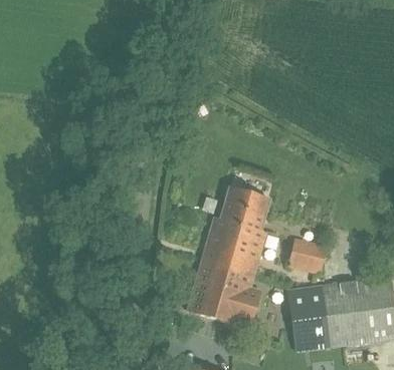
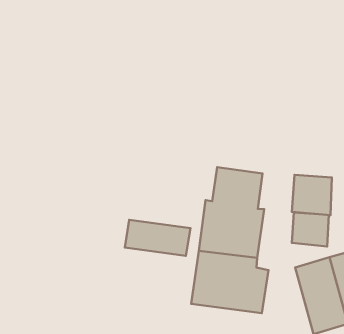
building: none -> [292,175,332,215]
building: none -> [125,220,190,256]

